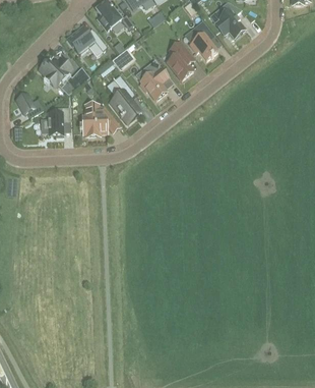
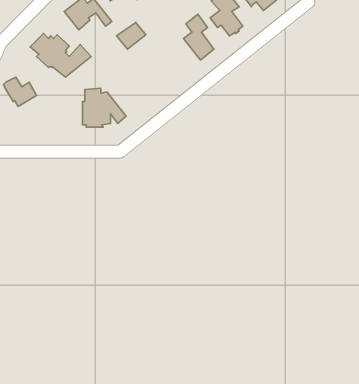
building: [139,58,169,99] -> none
building: [110,73,140,121] -> none
building: [43,106,69,135] -> none

